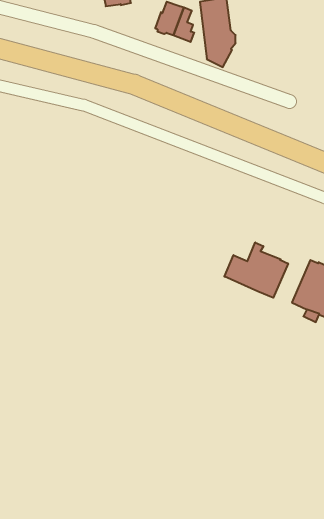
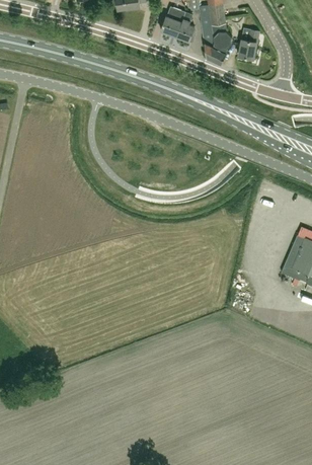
building: none -> [239,28,260,59]
building: [224,242,288,298] -> none

